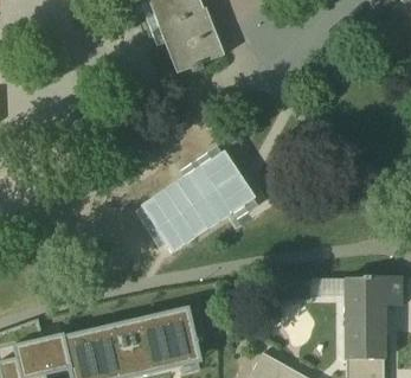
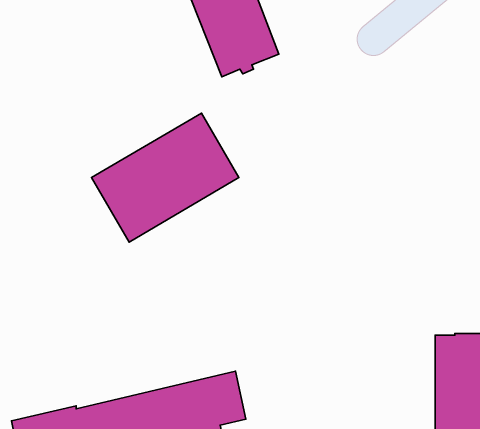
building: [140,149,256,251] -> [92,113,239,242]

